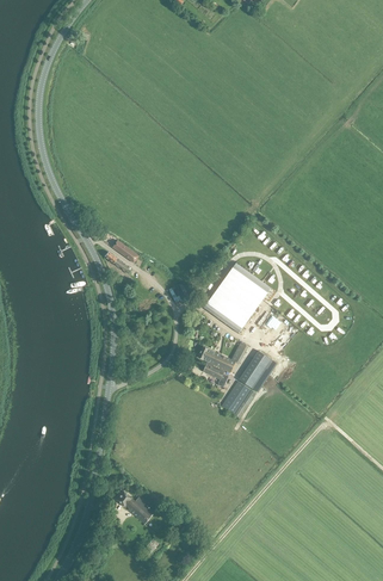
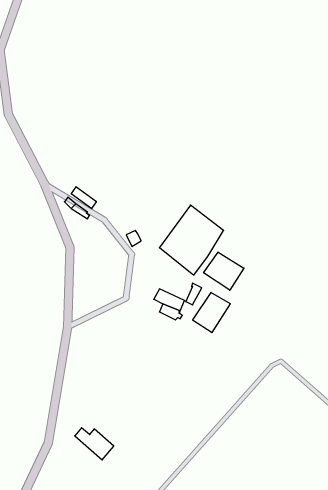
building: none -> [204,252,244,290]
building: [221,381,255,418] -> none

